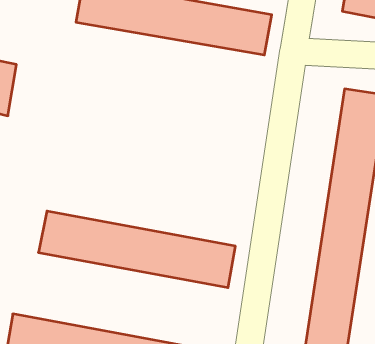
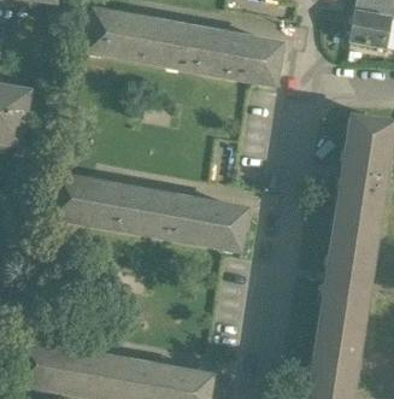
building: [38,211,235,288] -> [49,175,245,251]

